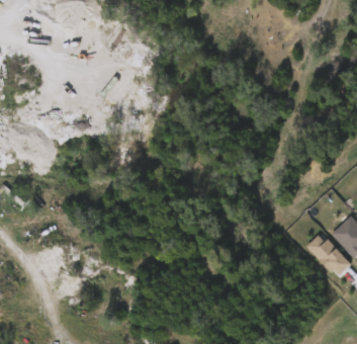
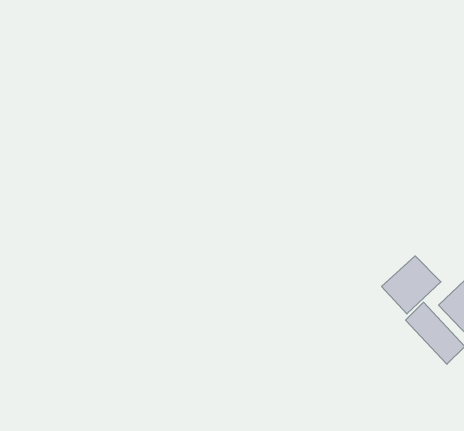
building: none -> [382,256,441,314]

